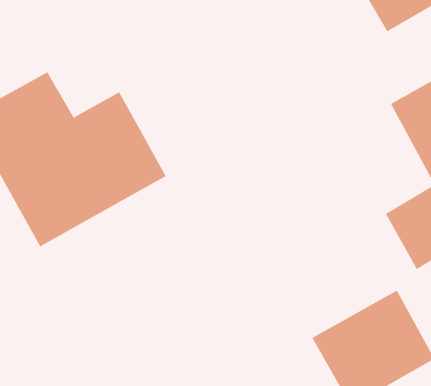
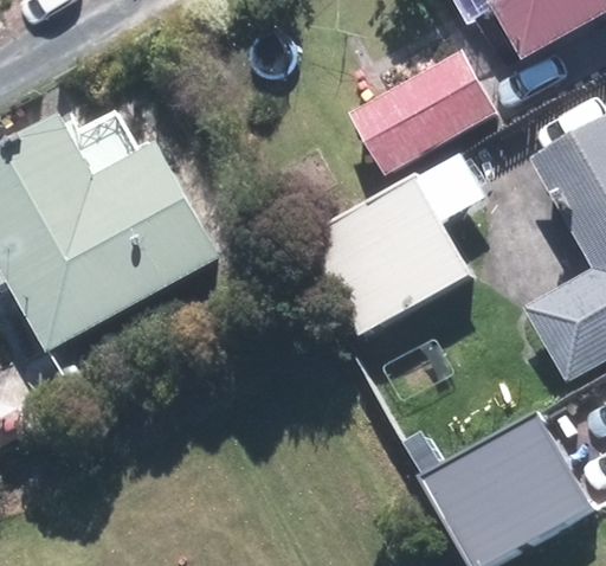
building: none -> [348,49,496,173]
building: none -> [304,152,488,337]

